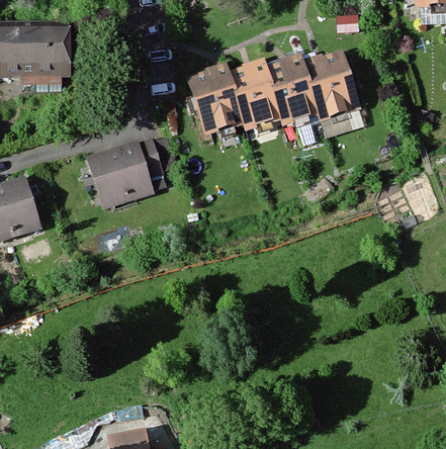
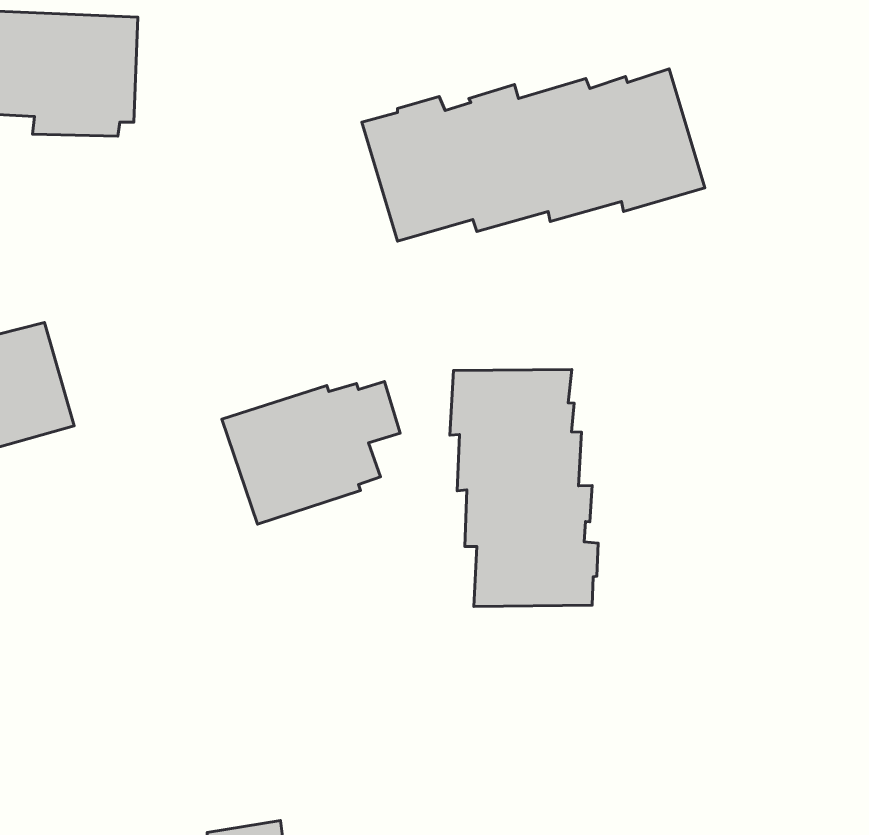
building: [84,139,175,211] -> [222,381,400,524]
building: none -> [450,369,598,606]

